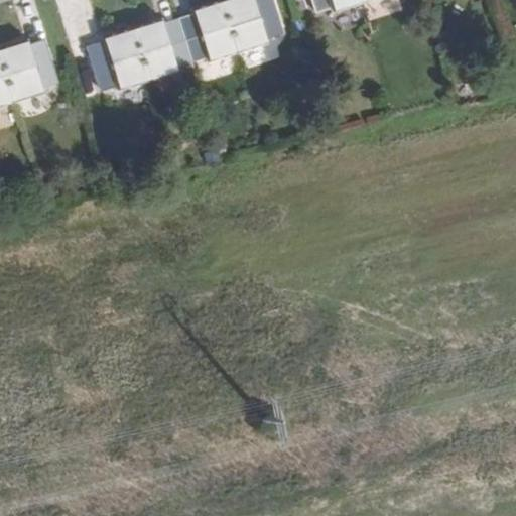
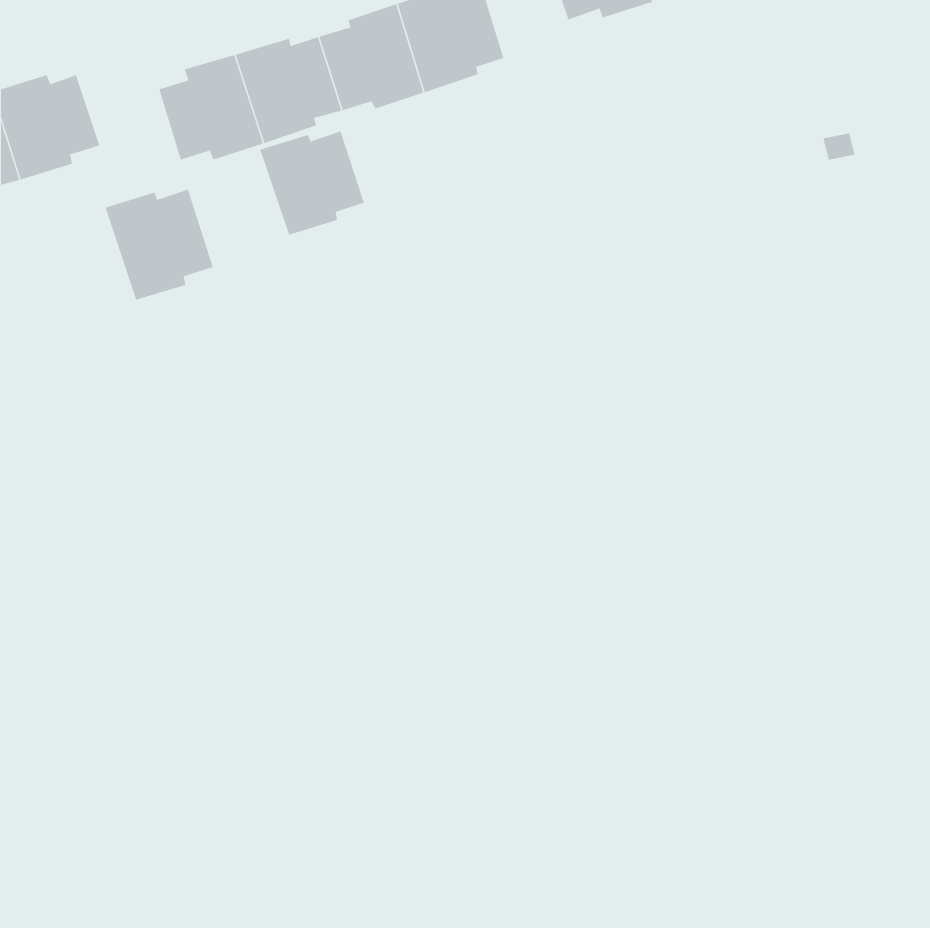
building: none -> [260,130,365,235]
building: none -> [105,189,213,301]

